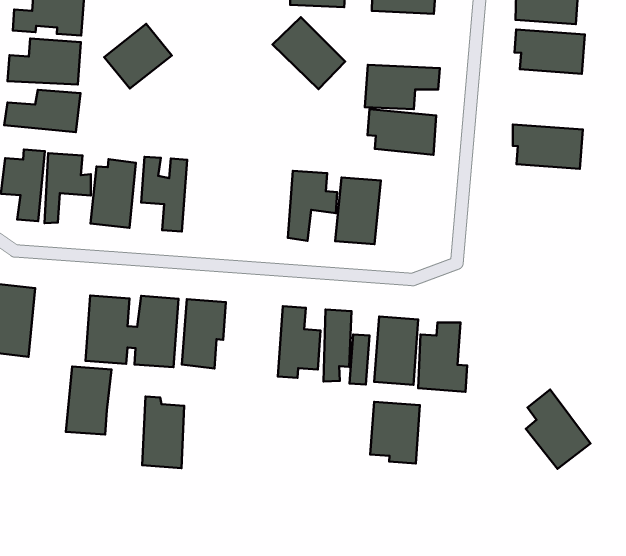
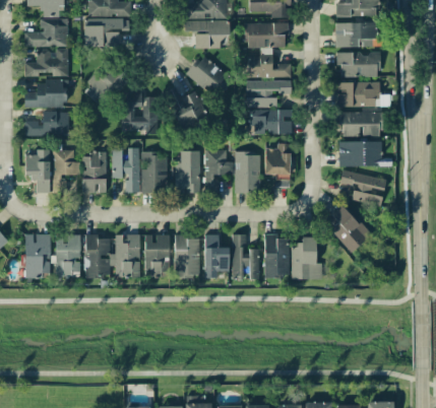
building: none -> [248,48,291,77]
building: none -> [163,86,208,129]
building: none -> [124,91,155,134]
building: none -> [337,81,380,108]
building: none -> [141,152,168,194]
building: none -> [265,143,296,187]
building: none -> [176,150,201,193]
building: none -> [339,141,381,166]
building: none -> [340,171,386,209]
building: [66,367,111,435] -> [56,234,81,275]
building: [526,390,590,469] -> [330,204,371,253]
building: [142,397,184,468] -> [175,234,200,277]
building: [370,402,420,463] -> none

